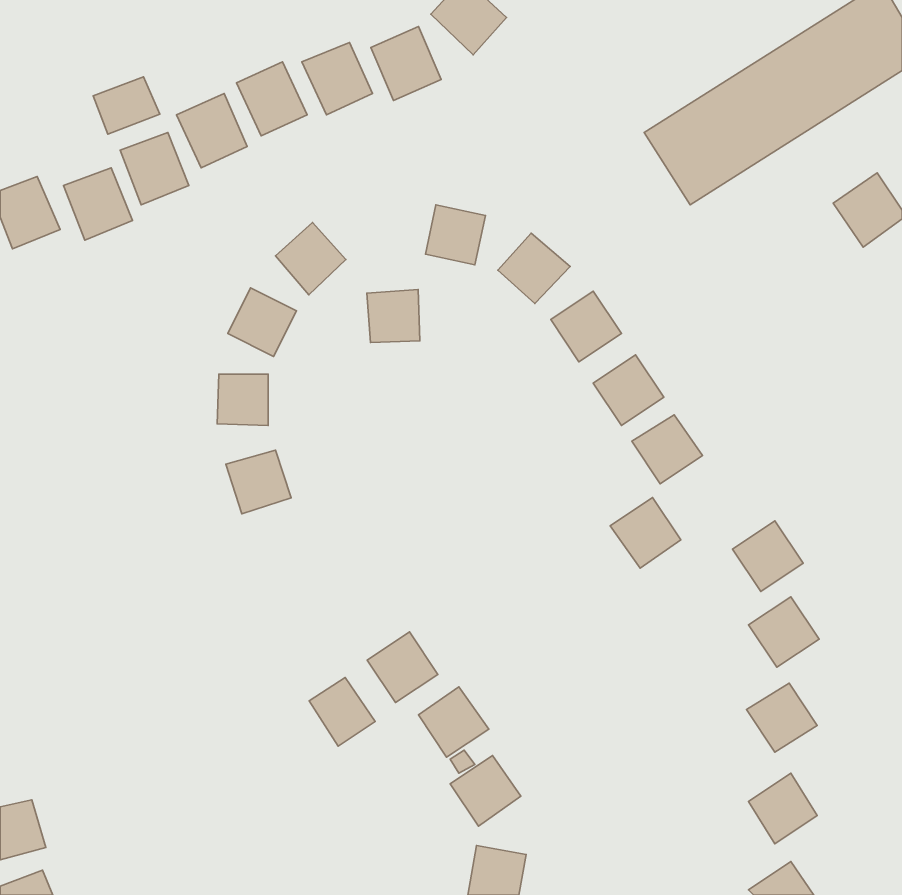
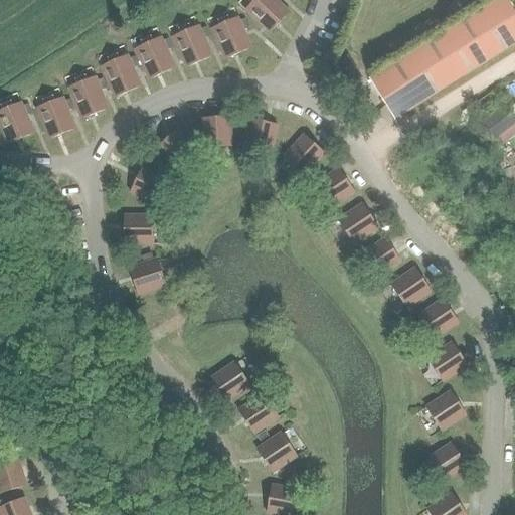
building: [93,77,160,134] -> none
building: [367,290,420,342] -> [201,115,231,145]
building: [610,498,681,568] -> [390,266,431,306]
building: [309,678,375,746] -> none

